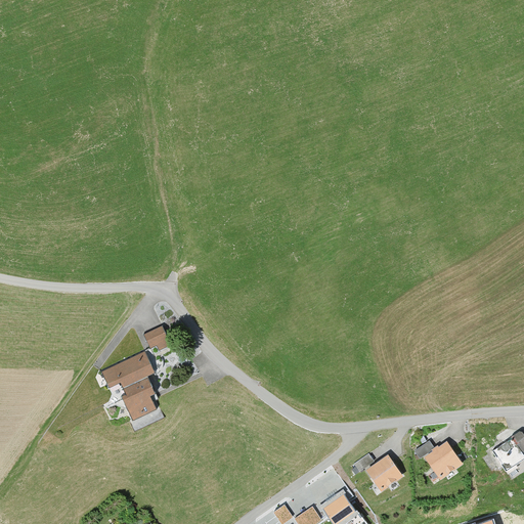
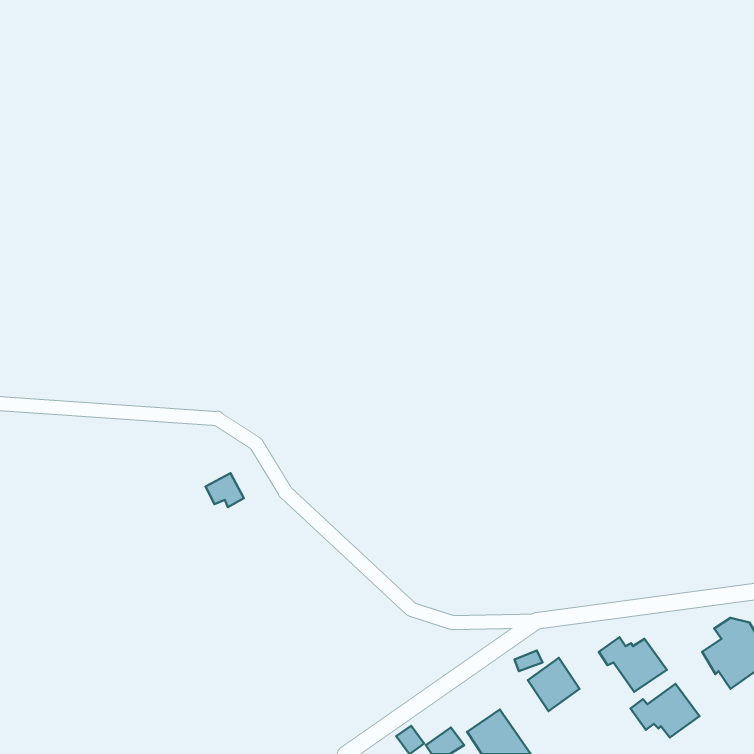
building: [100,352,156,422] -> none
building: none -> [631,684,700,737]

